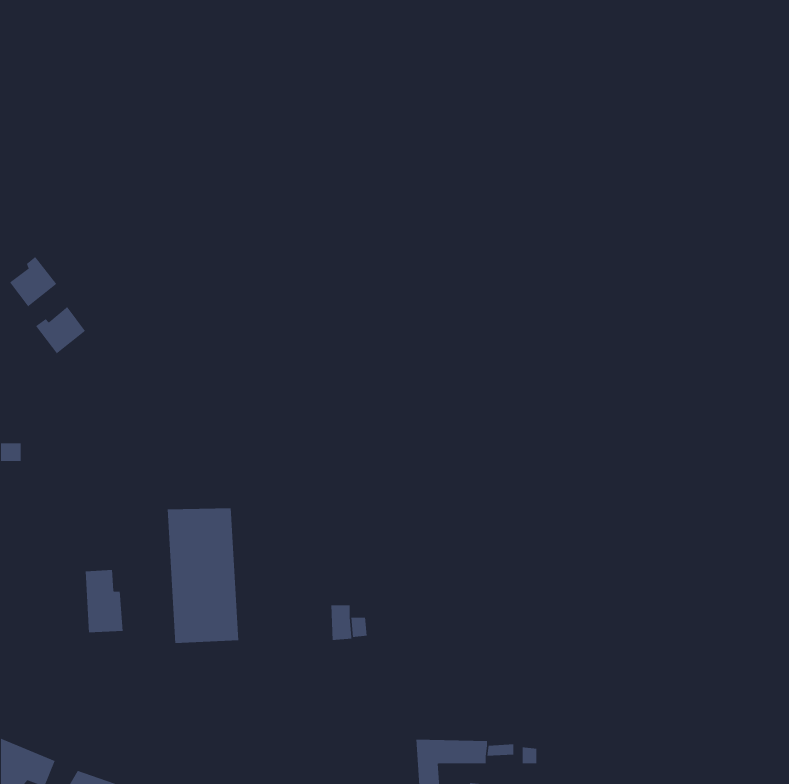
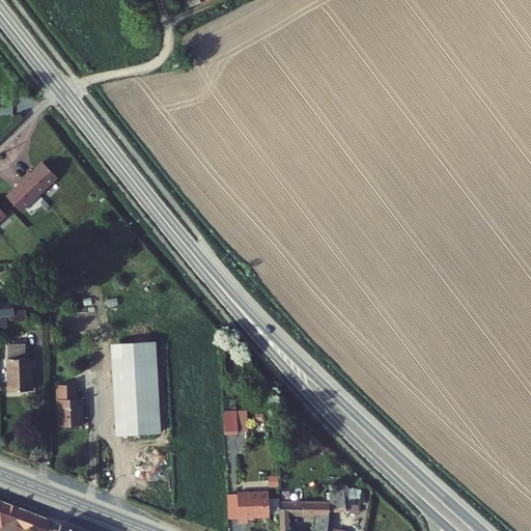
building: [35,306,86,354] -> [24,162,58,194]
building: none -> [7,344,29,392]
building: none -> [239,492,270,523]

